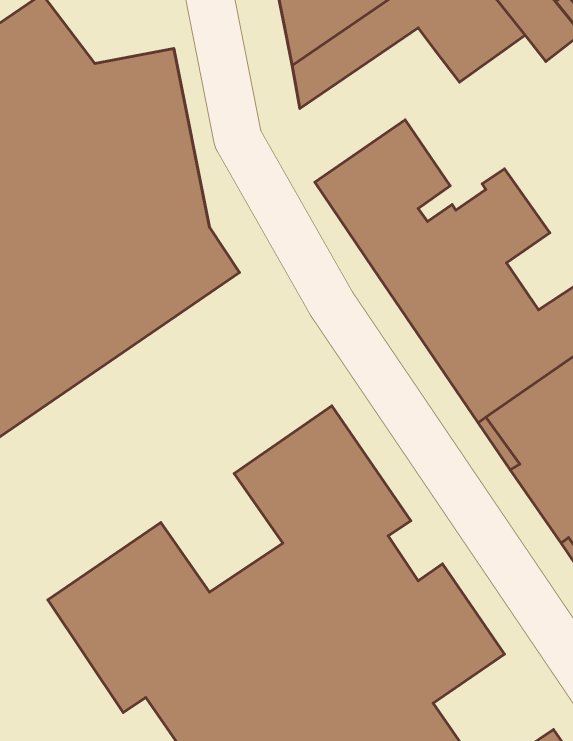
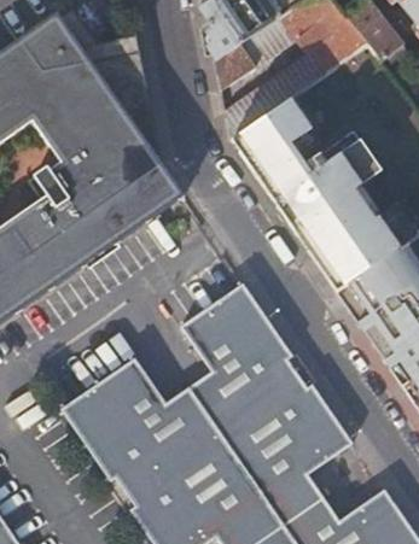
building: none -> [227,53,325,138]

